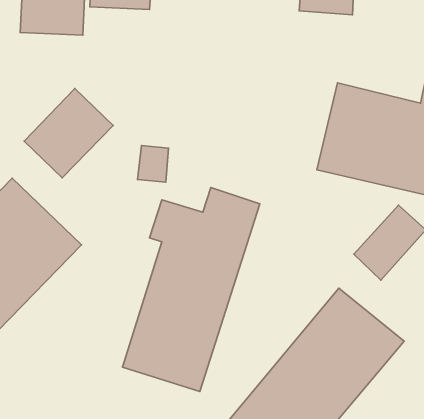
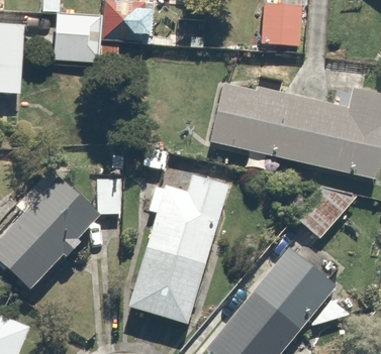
building: none -> [207,80,288,158]
building: [24,88,113,178] -> none

